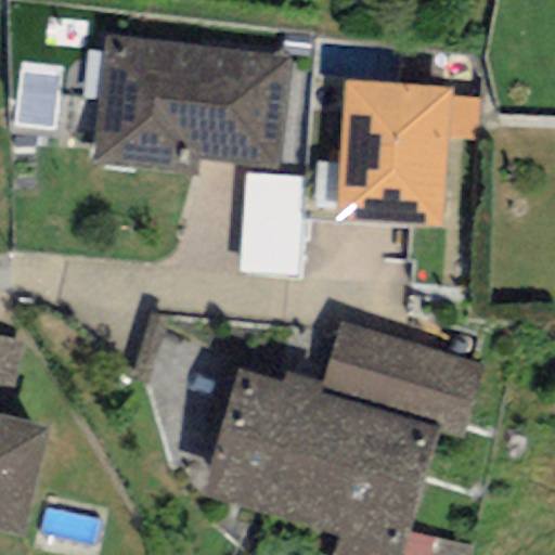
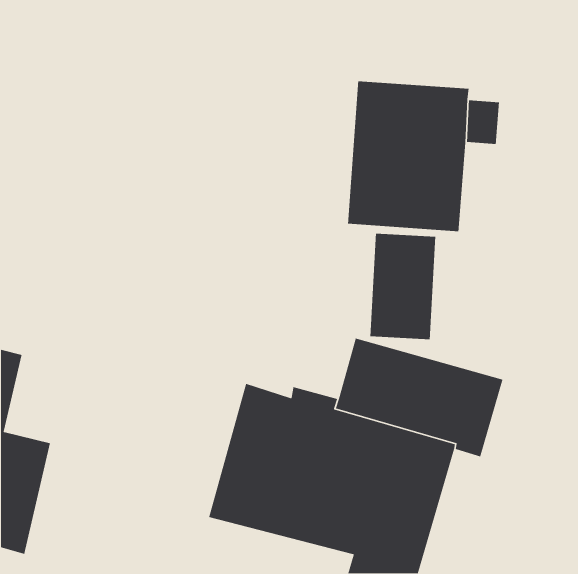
building: [88,30,292,175] -> none
building: [238,172,302,275] -> [369,233,436,340]

